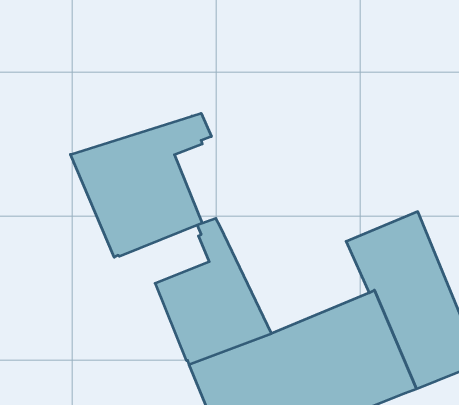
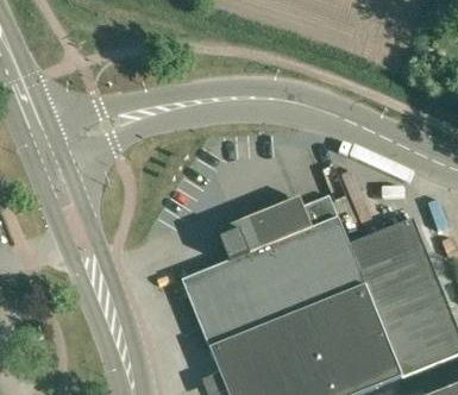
building: [70,113,211,257] -> none
building: none -> [238,195,369,325]

